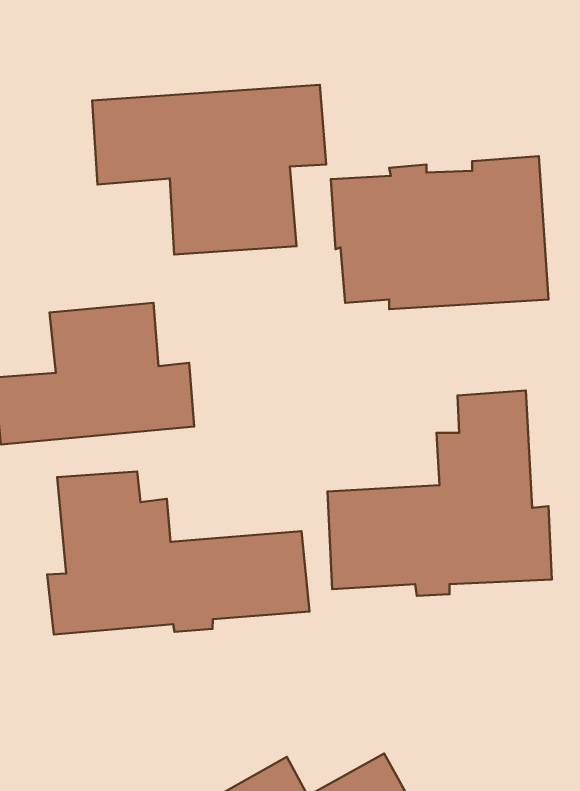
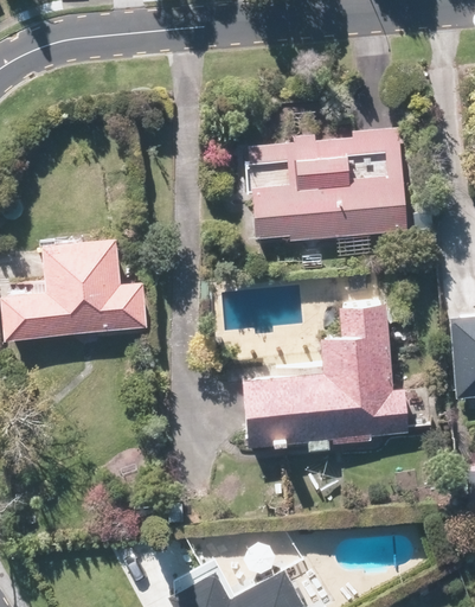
building: [92,85,326,254] -> none
building: [47,472,310,635] -> none

